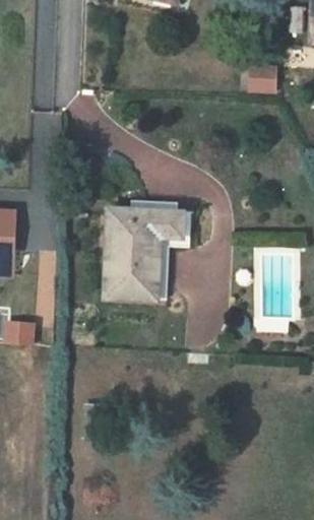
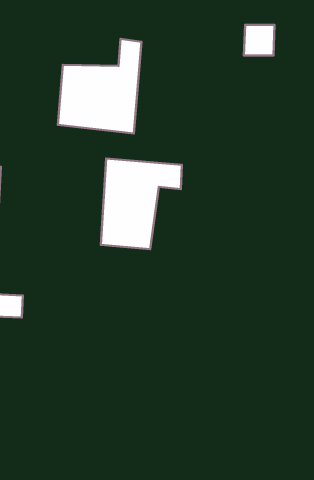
building: none -> [58,39,142,134]

